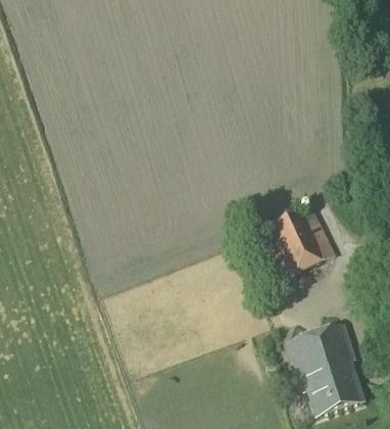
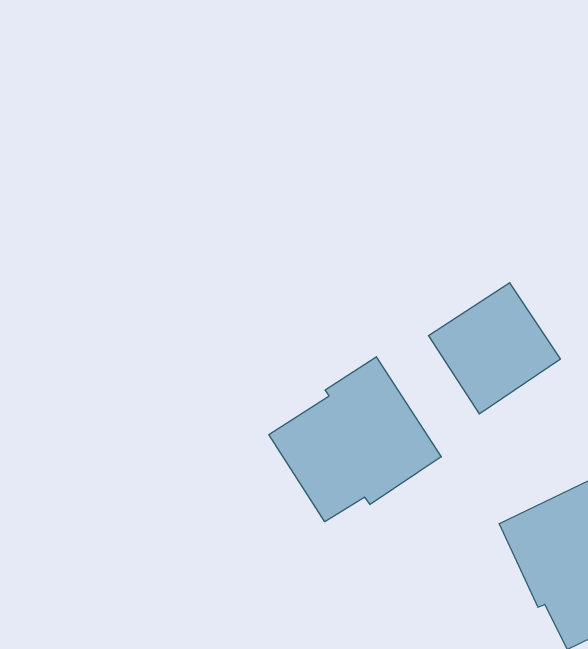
building: none -> [269,357,441,522]

